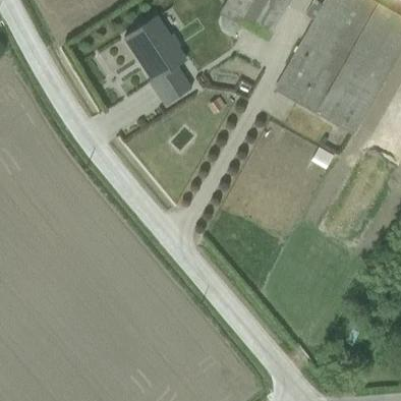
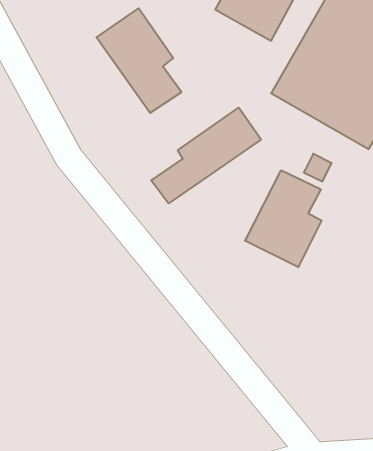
building: none -> [151,108,261,203]
building: none -> [245,170,322,267]

